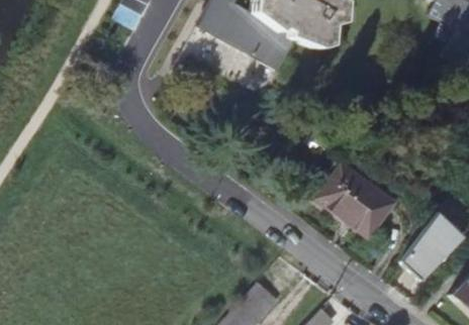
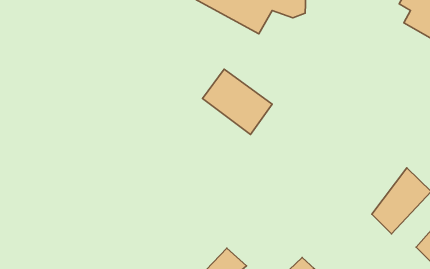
building: [322,164,397,233] -> [202,69,272,134]

